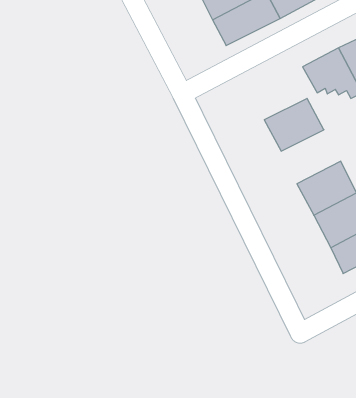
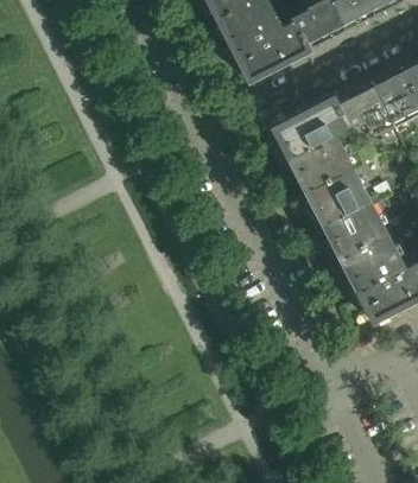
building: none -> [274,100,344,155]
building: none -> [306,166,369,223]

